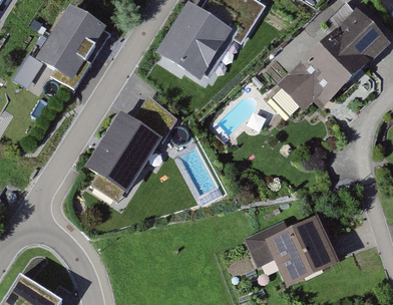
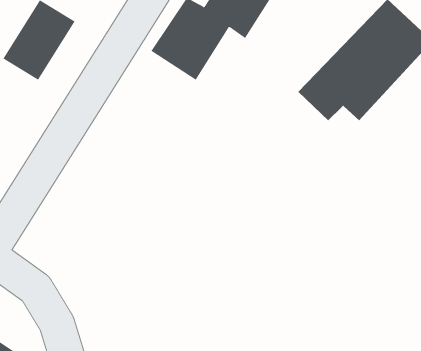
building: [89,115,157,189] -> none
building: [248,216,344,282] -> none

